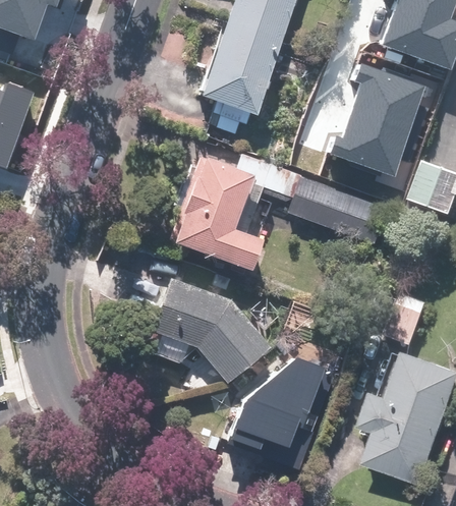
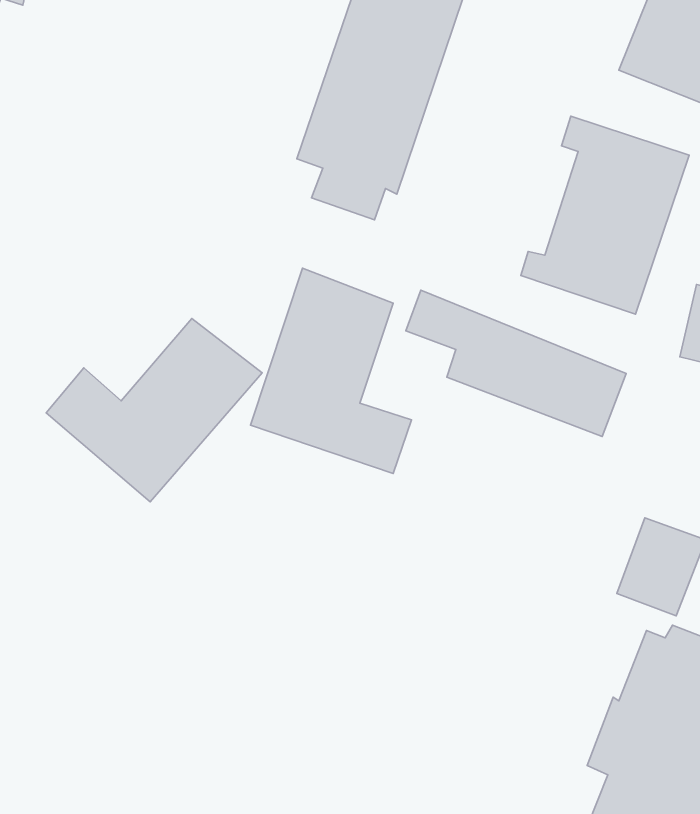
building: none -> [46,319,262,502]
building: [159,274,274,383] -> none
building: [234,353,327,446] -> none

